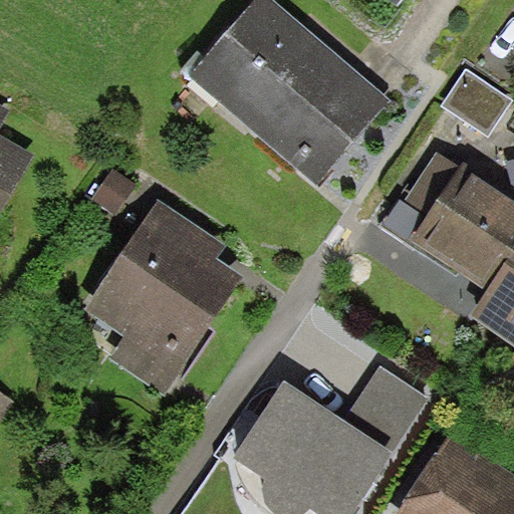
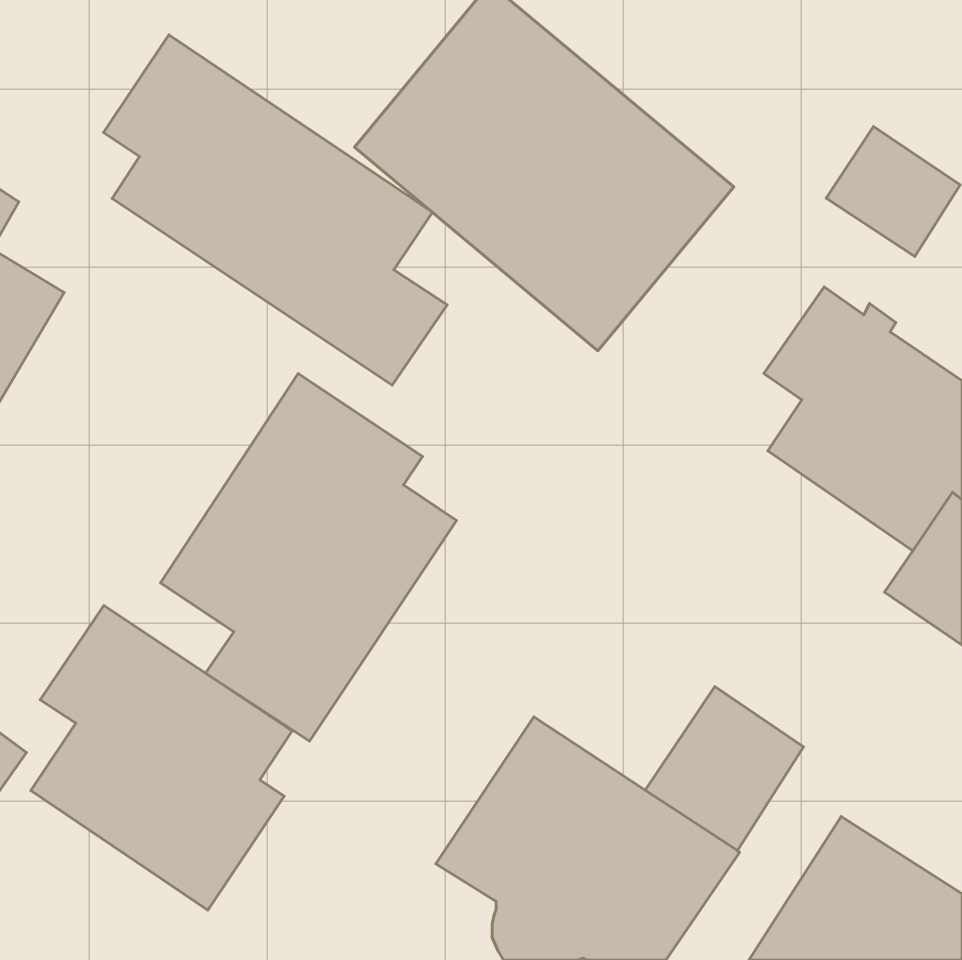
building: none -> [104,35,447,385]
building: none -> [31,606,292,910]

